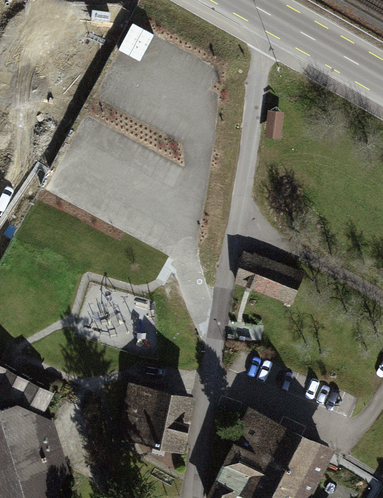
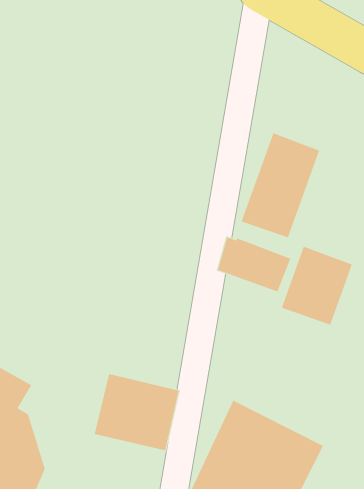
building: none -> [241,132,320,238]
building: none -> [281,246,353,325]

